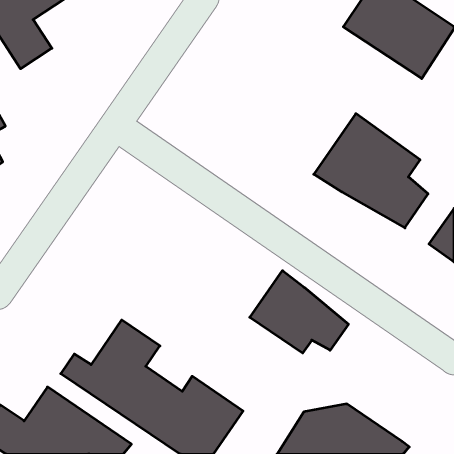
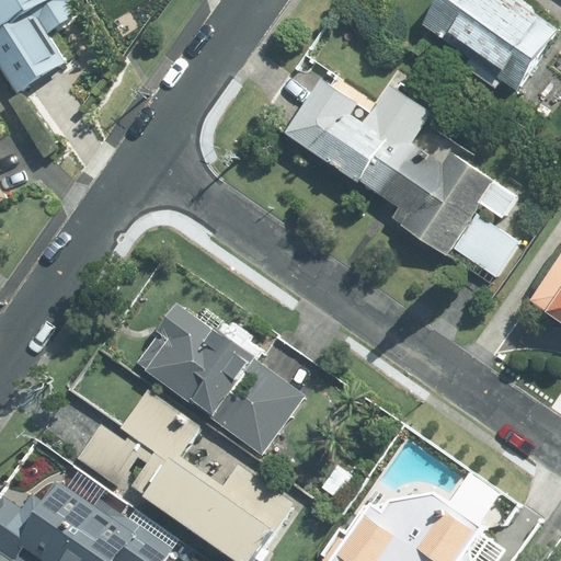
building: none -> [278,73,436,214]
building: none -> [134,304,309,458]
building: [250,271,348,353] -> none

